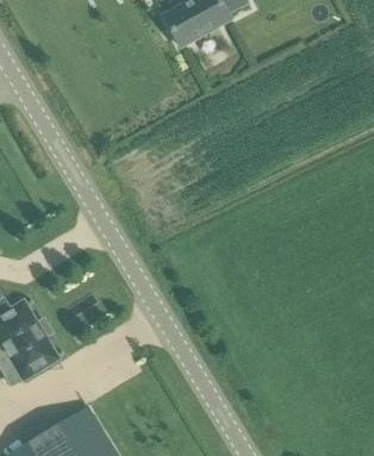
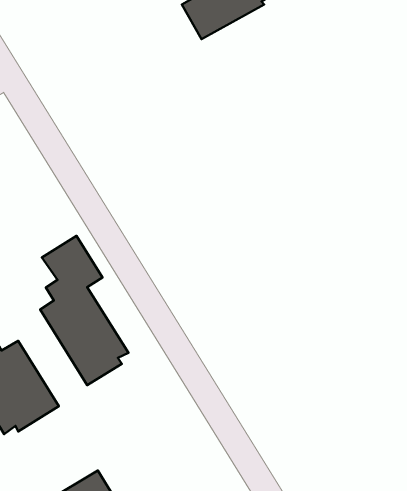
building: none -> [40,236,129,385]

